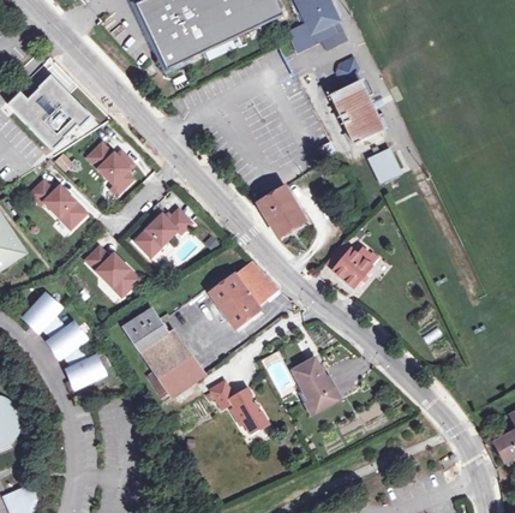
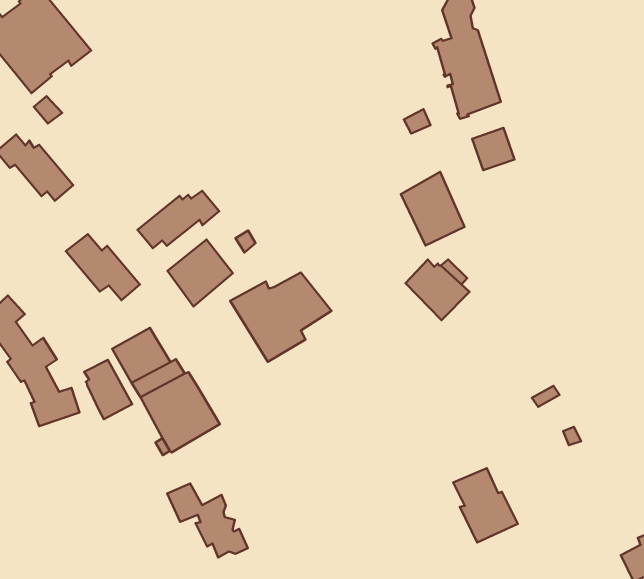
building: [86,143,134,191] -> none
building: [257,185,304,238] -> [401,172,464,246]
building: none -> [168,240,233,306]
building: none -> [84,360,132,419]
building: [292,360,340,413] -> [453,468,518,542]
building: [209,381,269,431] -> [167,484,248,558]

